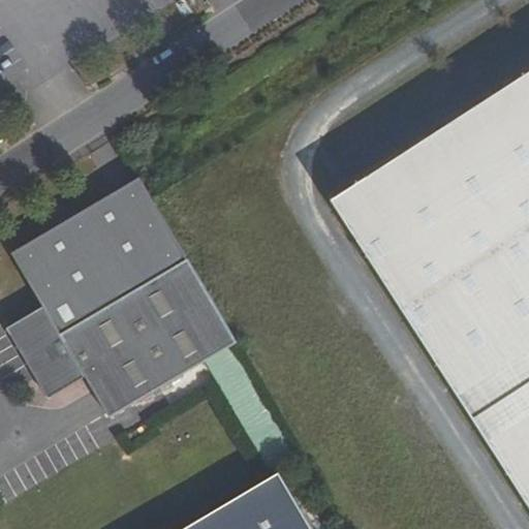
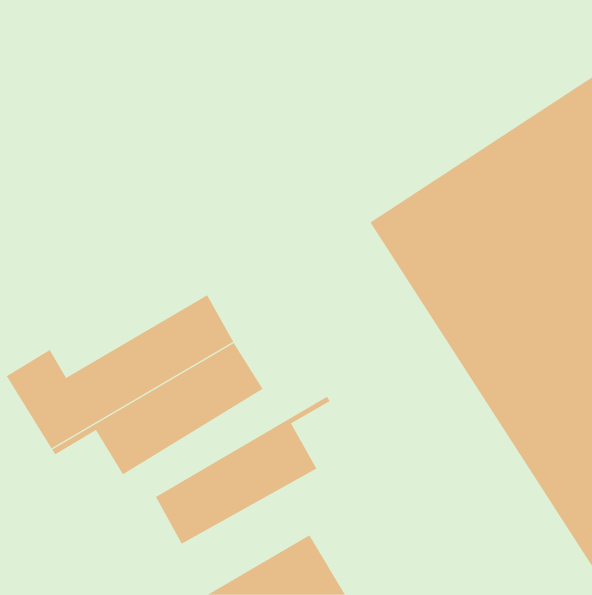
building: [13,179,187,335] -> none
building: none -> [155,396,331,545]

